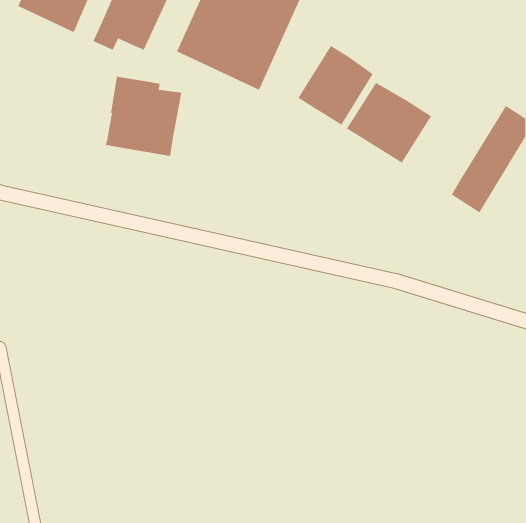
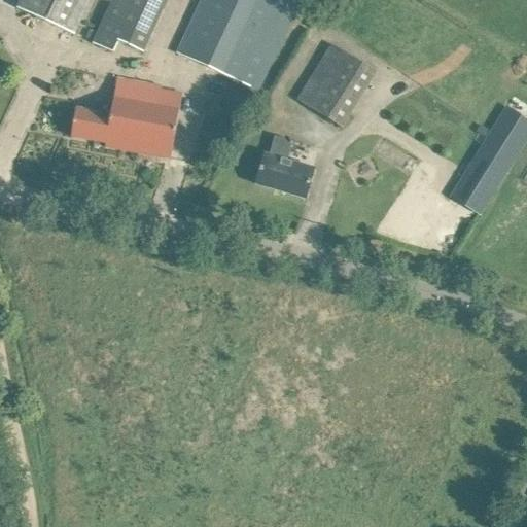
building: [346,82,432,164] -> none
building: none -> [71,107,111,141]
building: none -> [256,134,315,197]

